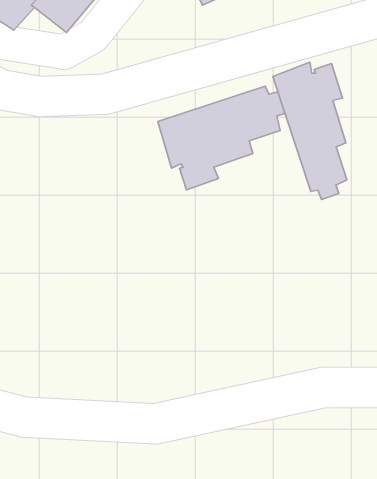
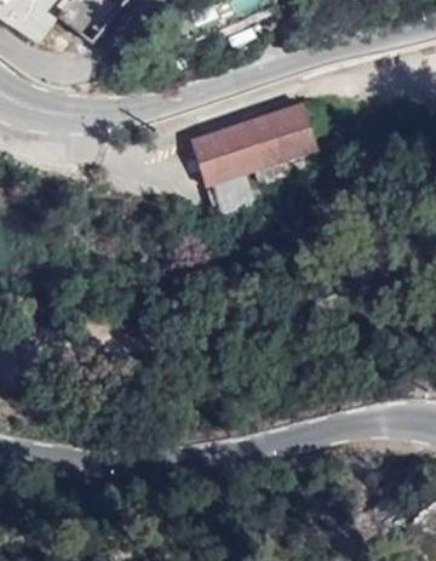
building: [273,62,347,200] -> none

